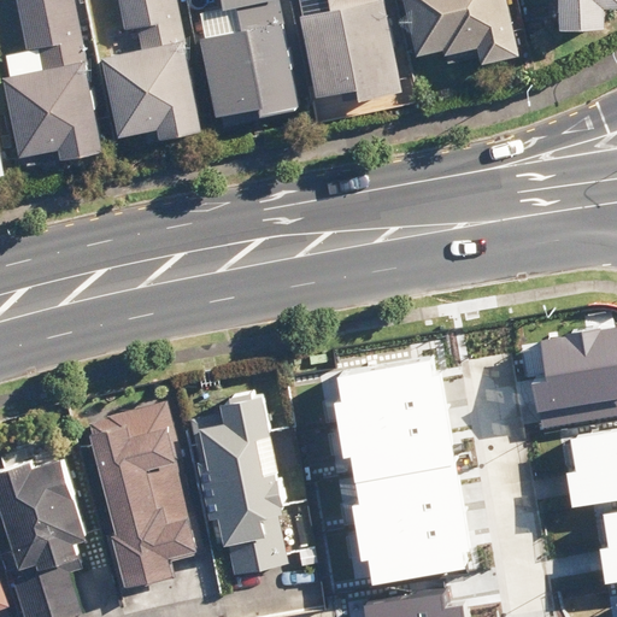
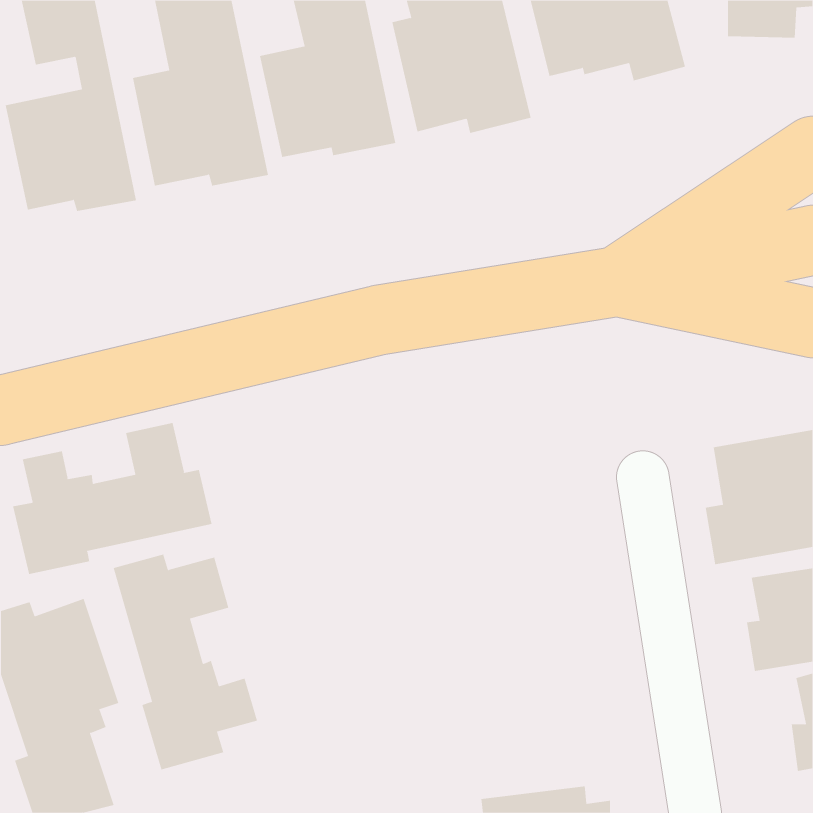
building: none -> [13,422,212,575]
building: [321,354,471,587] -> none
building: [190,389,288,570] -> none

